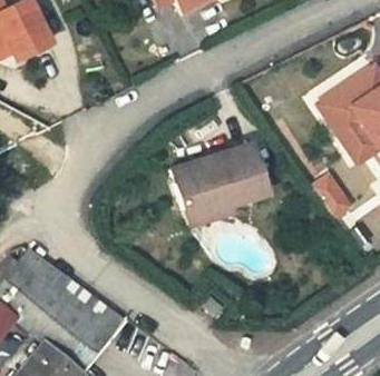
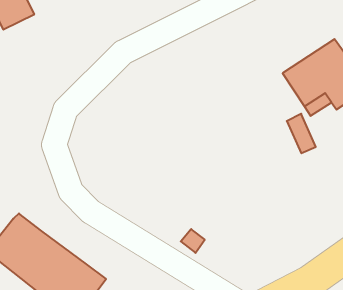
building: [173,120,276,210] -> none

